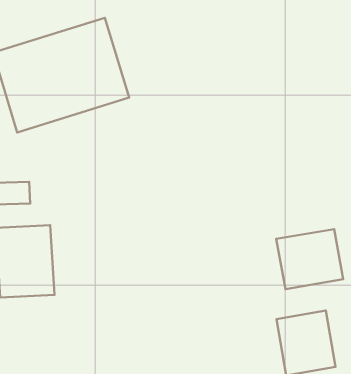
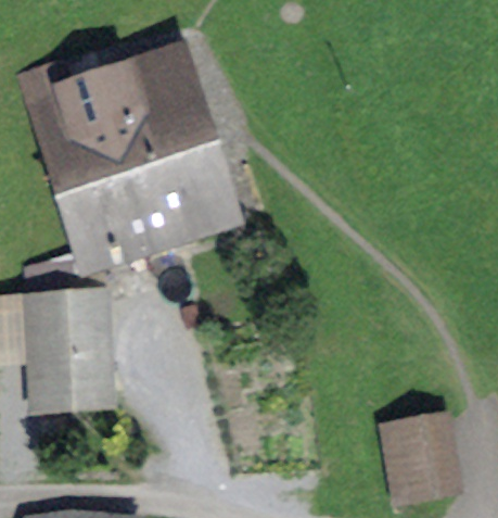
building: none -> [63,153,226,273]
building: [276,229,343,289] -> none

